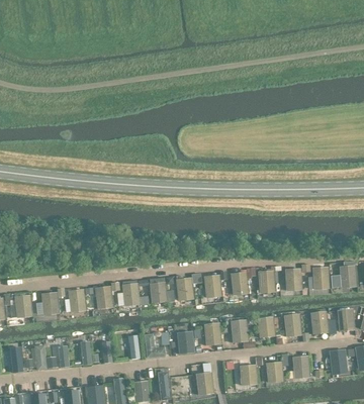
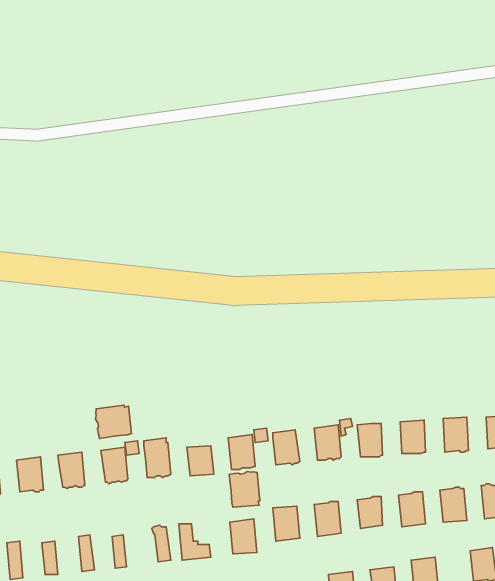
building: none -> [96,405,132,439]
building: none -> [229,471,260,507]

